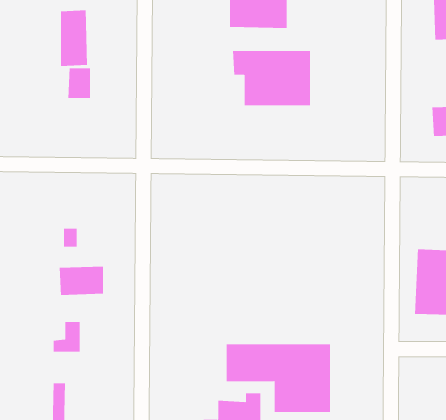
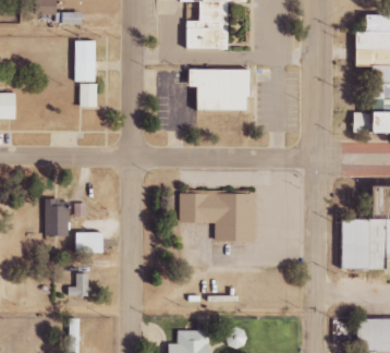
building: none -> [44,198,68,235]
building: [226,344,331,412] -> [191,195,269,246]

